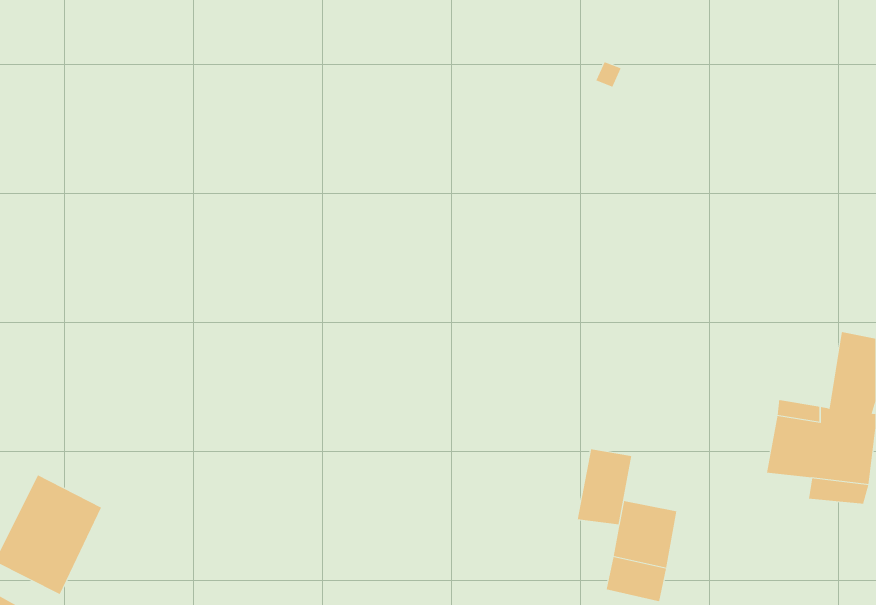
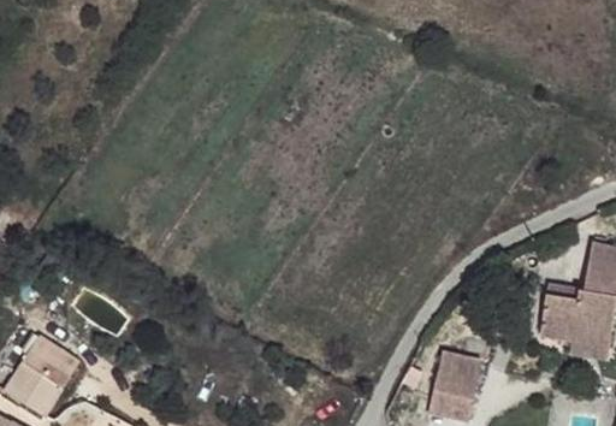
building: [577,448,632,525] -> none

